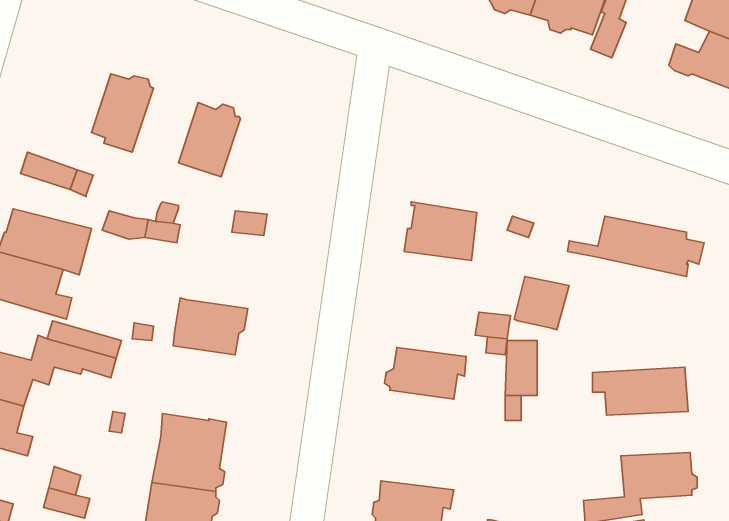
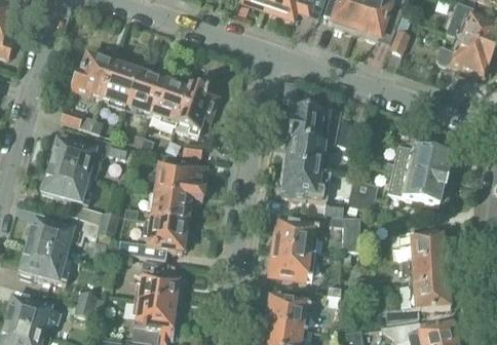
building: none -> [71,51,113,97]
building: none -> [125,69,163,114]
building: none -> [175,83,216,135]
building: none -> [286,105,339,144]
building: none -> [156,163,203,200]
building: none -> [280,165,322,199]
building: none -> [388,168,449,204]
building: none -> [116,219,188,260]
building: none -> [269,245,313,277]
building: none -> [399,258,450,283]

